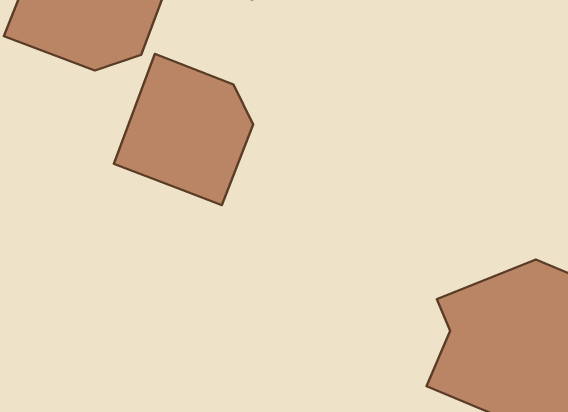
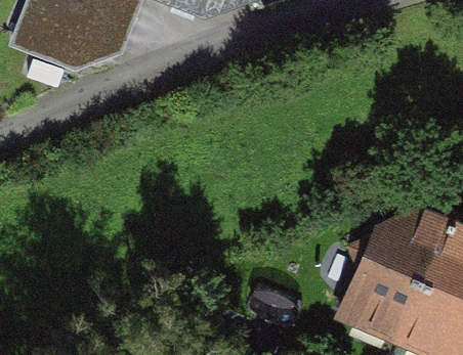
building: [114,54,253,205] -> none

